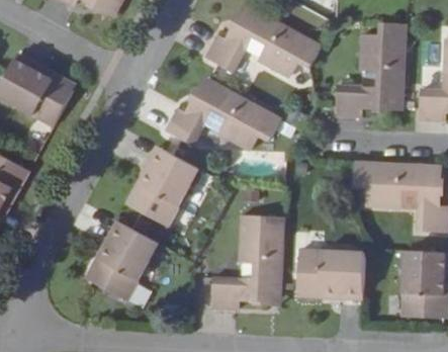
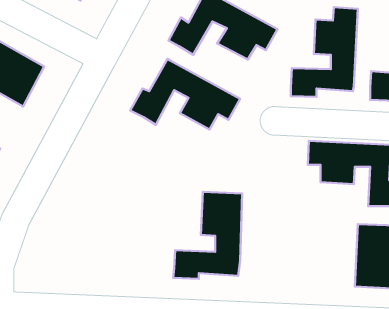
building: [124,146,198,227] -> none
building: [85,221,158,300] -> none
building: [296,250,365,300] -> none

